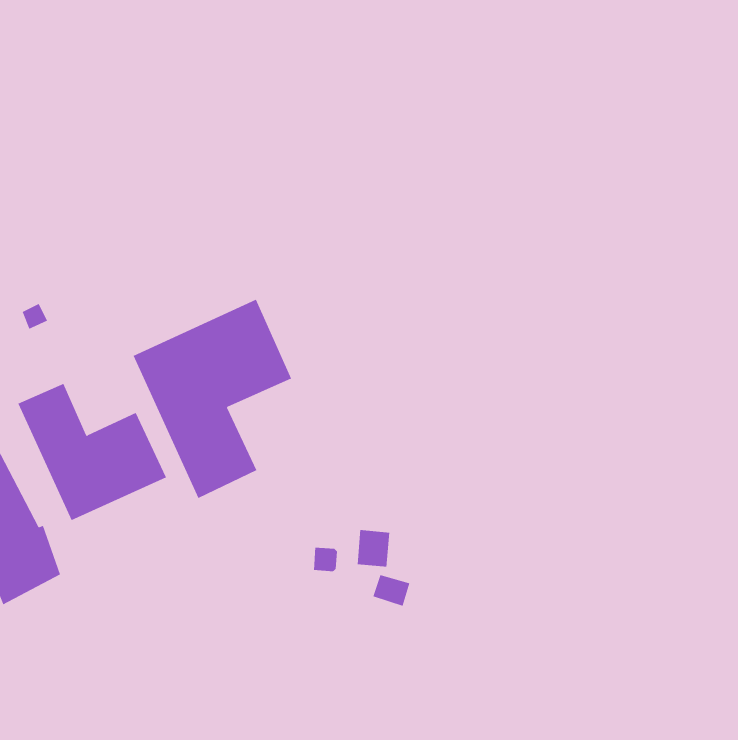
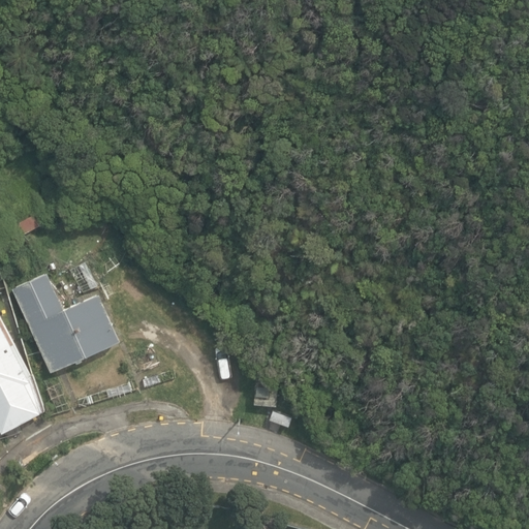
building: [133,299,292,499] -> none

